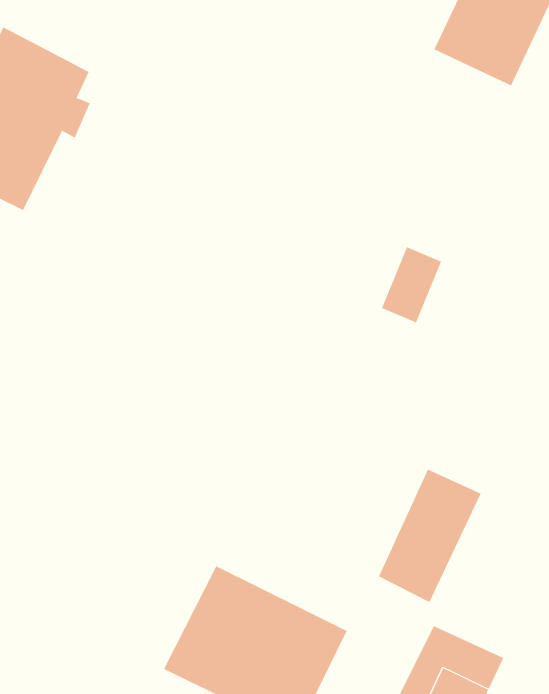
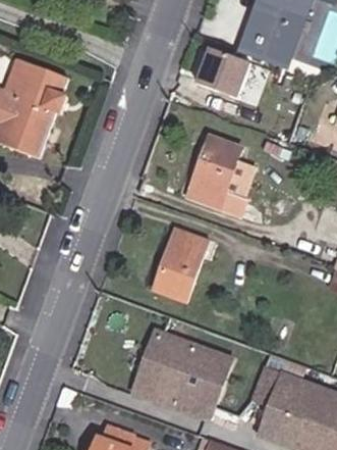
building: none -> [198,47,250,98]
building: none -> [187,136,239,206]
building: [378,469,481,603] -> [155,230,205,300]

